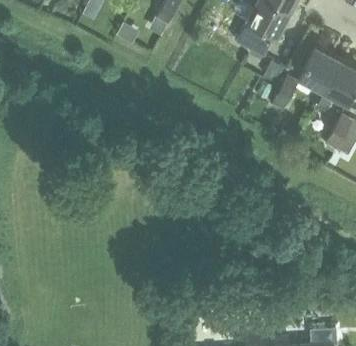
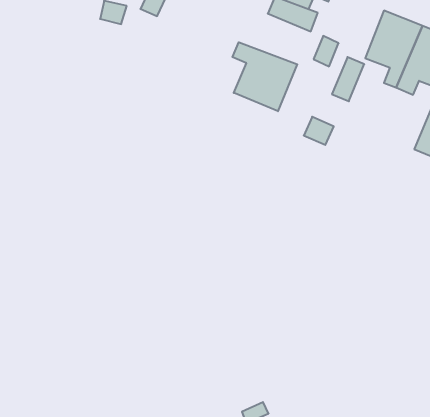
building: none -> [232,42,297,111]

